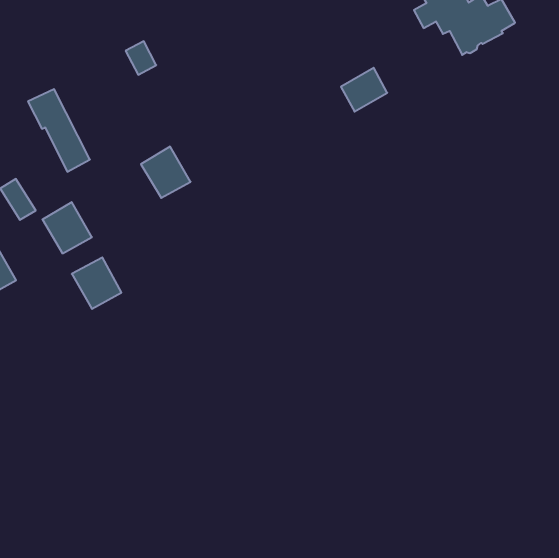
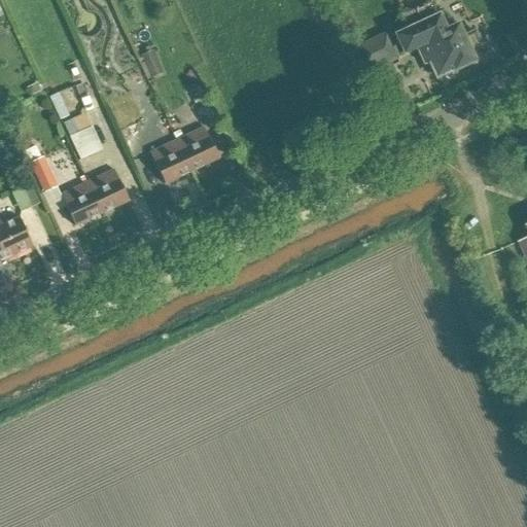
building: [341,68,387,112] -> [355,34,395,71]
building: none -> [176,127,218,171]
building: [72,257,121,309] -> [86,169,129,213]

